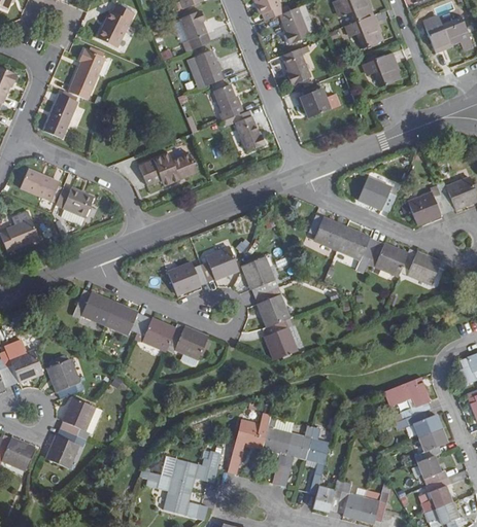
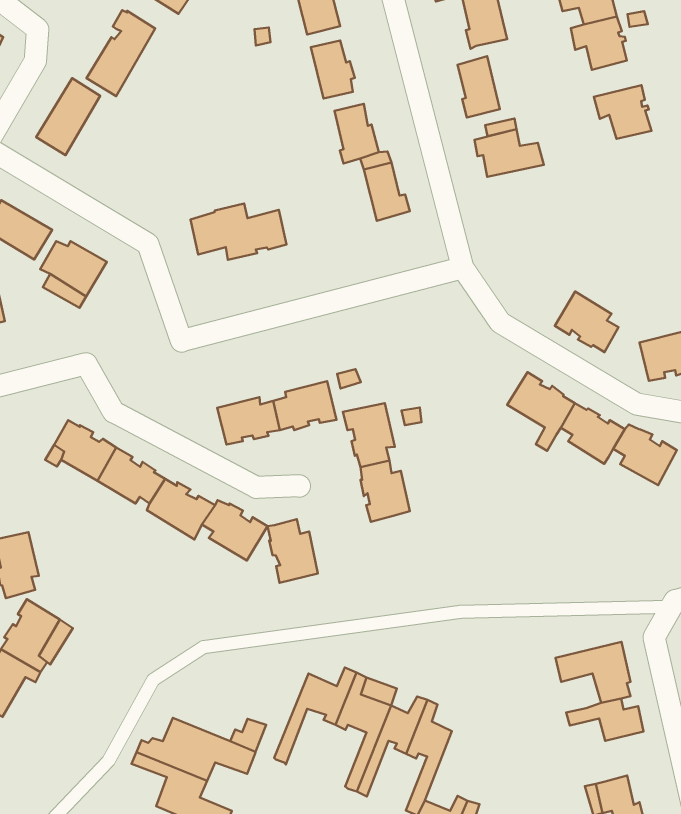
building: [308,216,346,248] -> none
building: [263,321,296,359] -> [267,519,318,583]
building: [419,427,447,459] -> none

